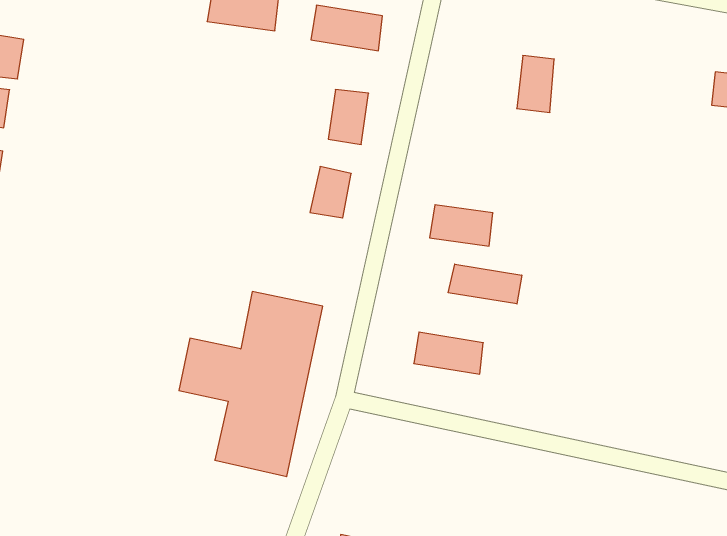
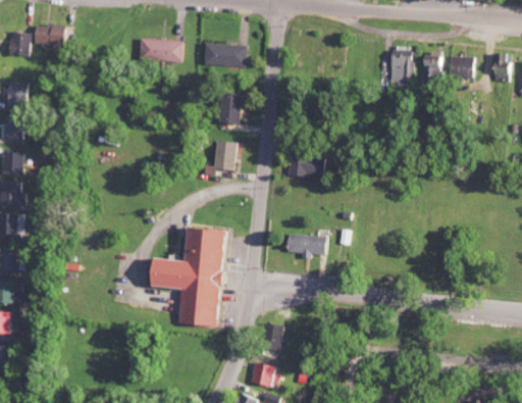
building: [517,56,554,112] -> [390,49,411,82]
building: none -> [422,55,446,86]
building: [448,264,522,304] -> none
building: none -> [265,323,283,349]

